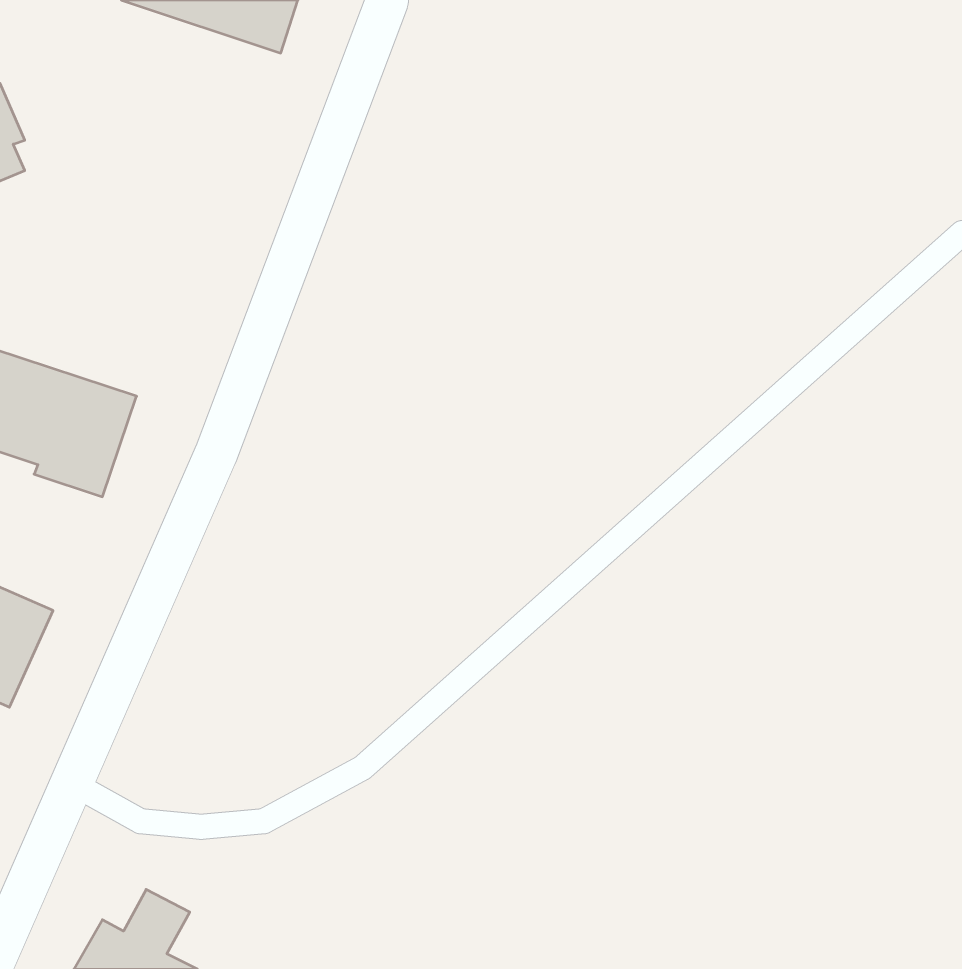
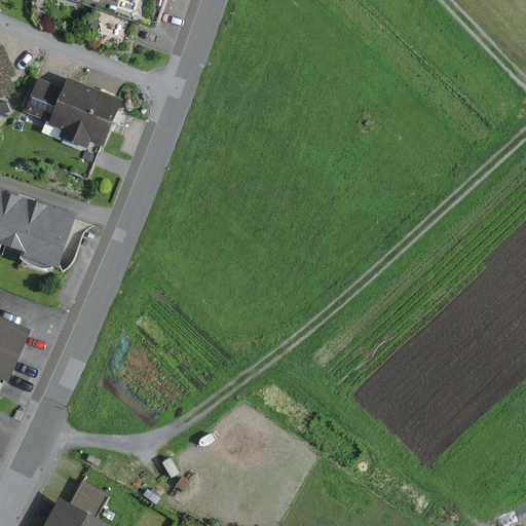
building: none -> [22,76,119,149]

